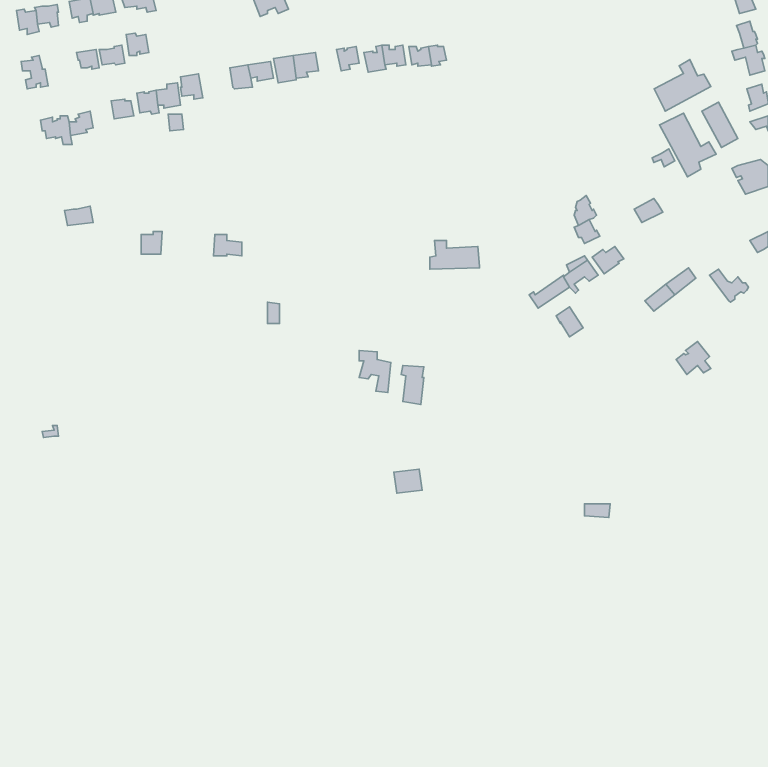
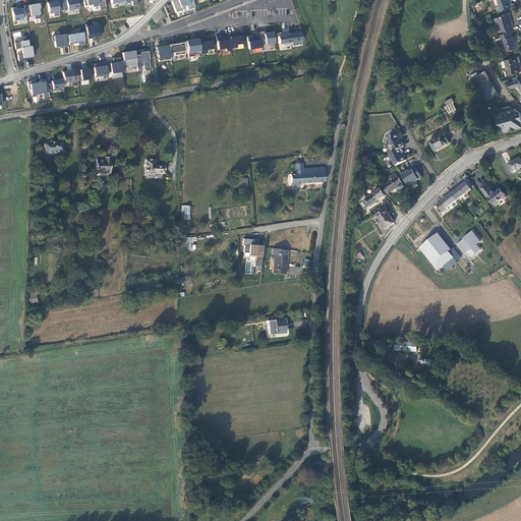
building: [654,60,711,111] -> none
building: [660,113,716,177] -> none
building: none -> [420,234,461,270]

